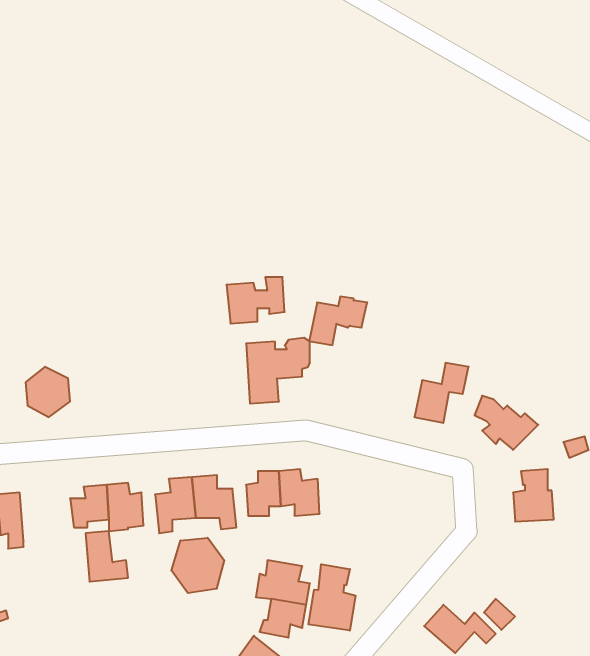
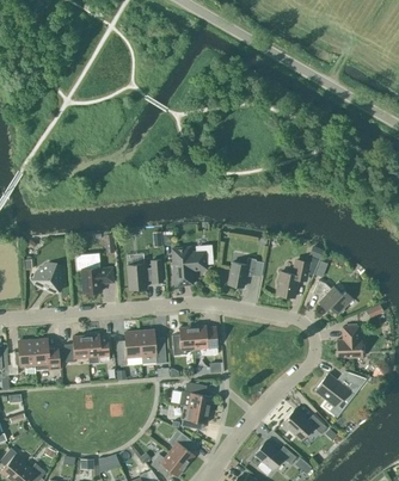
building: [226,277,285,324] -> [127,260,162,289]
building: [309,297,367,345] -> [228,258,264,288]
building: none -> [75,253,113,292]
building: [86,531,128,582] -> [32,339,59,370]
building: [171,538,224,593] -> none
building: none -> [314,372,366,407]
building: [308,564,356,631] -> none

